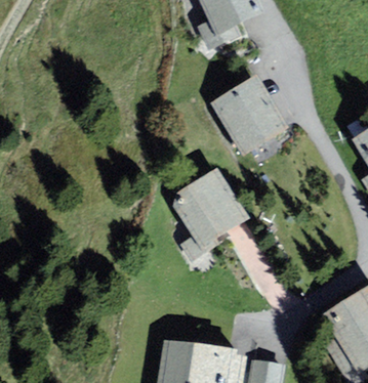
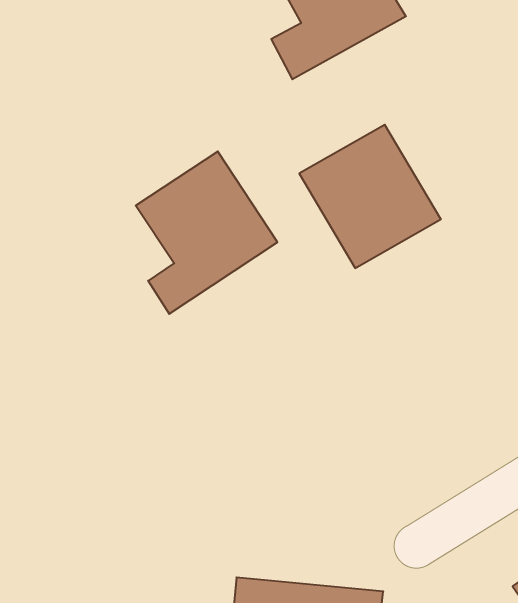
building: [165,168,248,263] -> [136,151,277,314]

